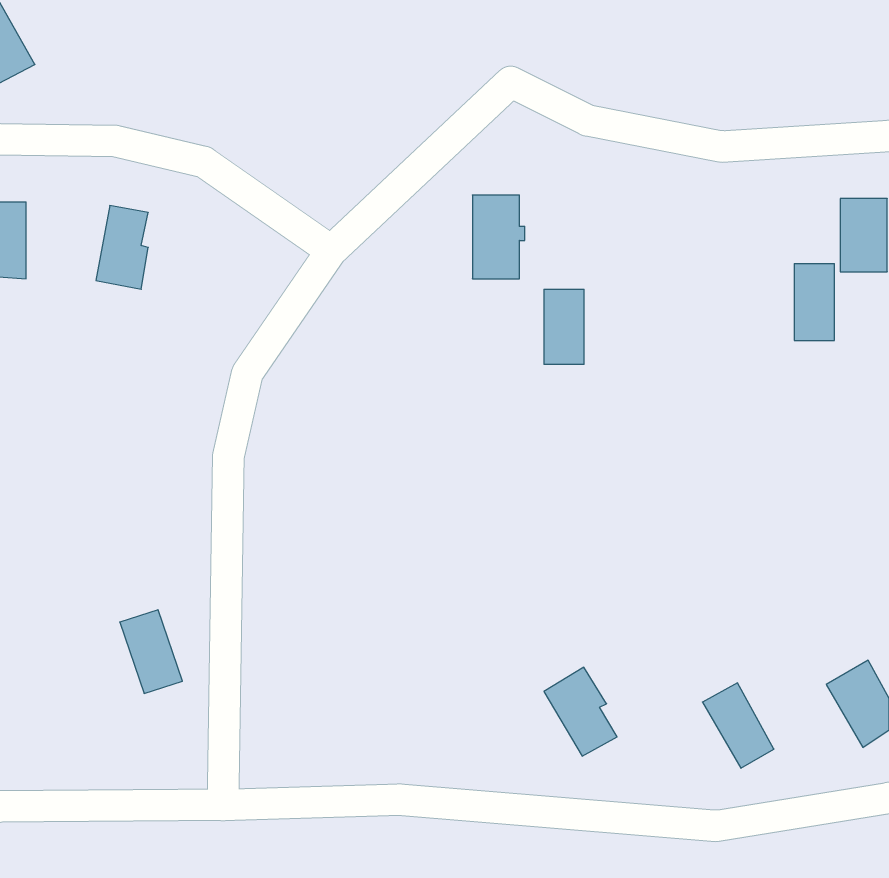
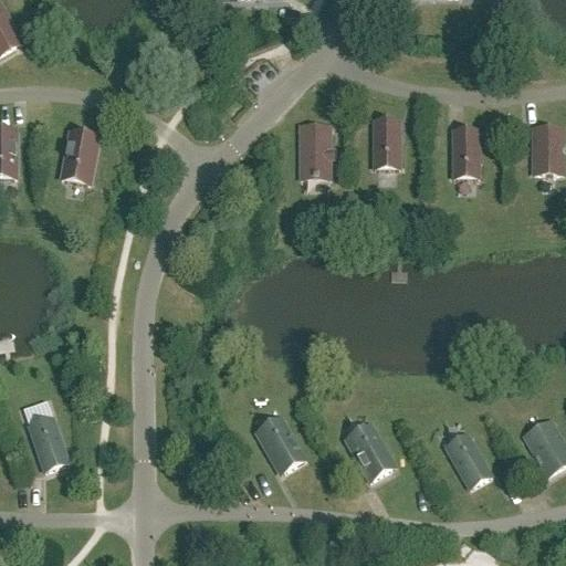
building: [794,264,834,340] -> [453,128,479,177]
building: [544,289,584,364] -> [374,119,399,167]
building: [120,610,182,693] -> [29,417,69,470]
building: none -> [255,417,305,471]

